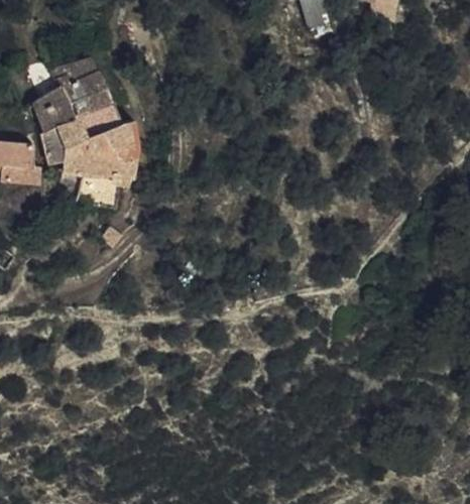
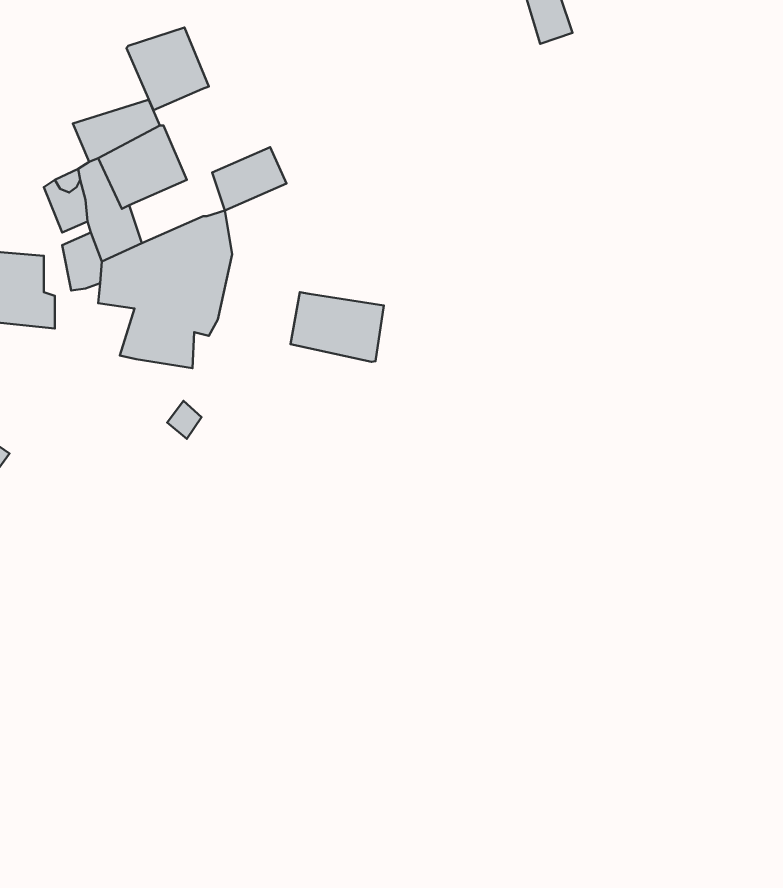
building: none -> [126,27,209,110]
building: [81,102,122,137] -> [212,147,287,211]
building: none -> [290,292,384,362]

